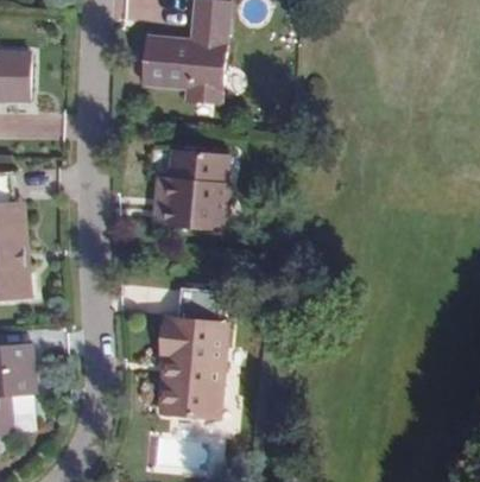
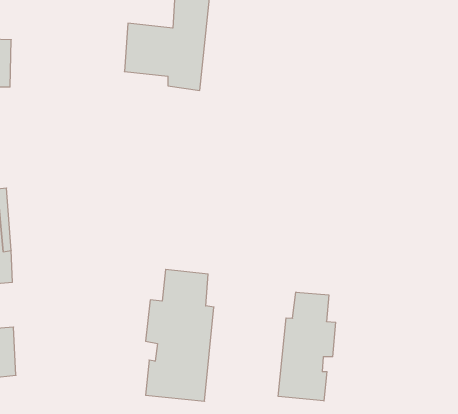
building: [154,147,230,227] -> none
building: none -> [278,292,336,401]

